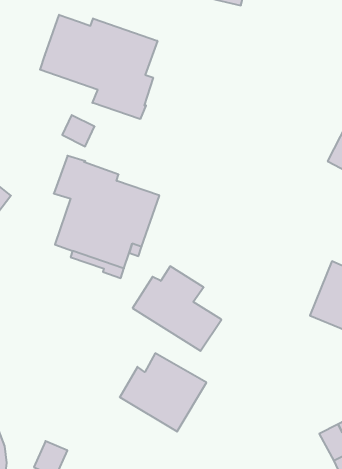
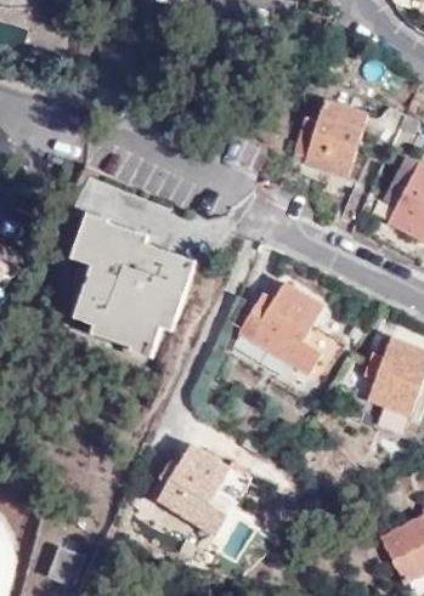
building: [40,15,157,119] -> none
building: none -> [288,100,364,176]
building: [133,266,221,351] -> [236,283,339,381]

